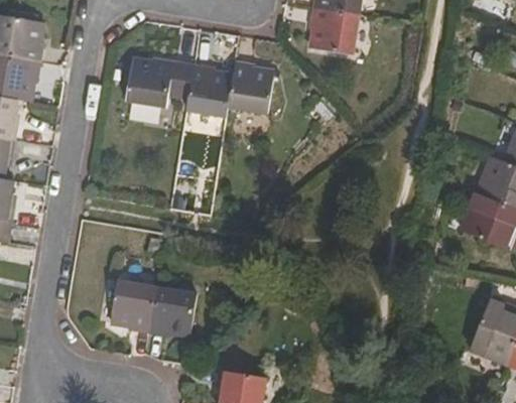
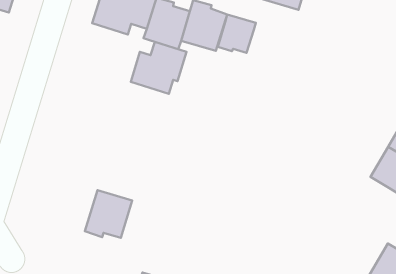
building: none -> [218,15,256,53]
building: none -> [131,42,187,94]
building: [111,280,157,333] -> none

